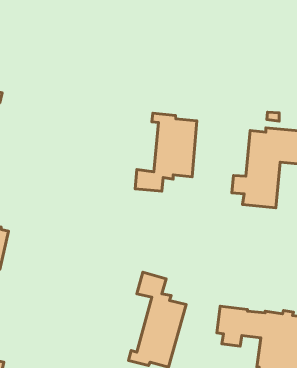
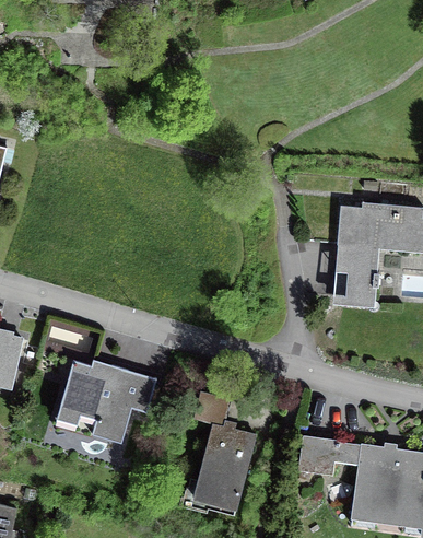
building: [135,113,197,191] -> none
building: none -> [57,359,157,443]

